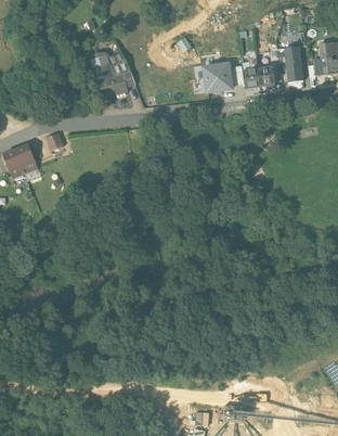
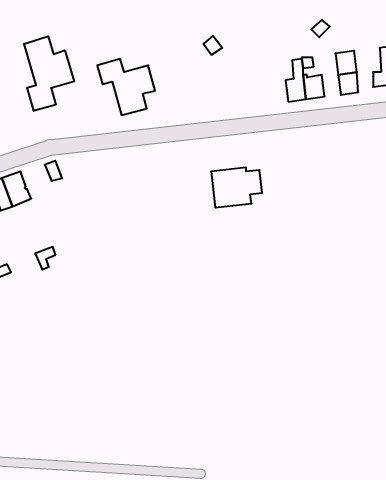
building: none -> [24,36,74,111]
building: [200,64,242,97] -> [211,167,262,208]

